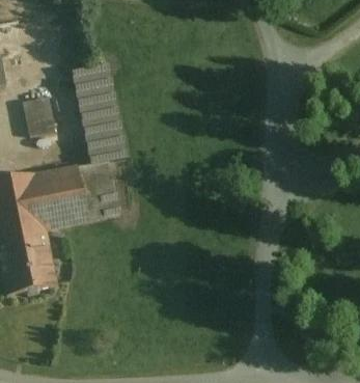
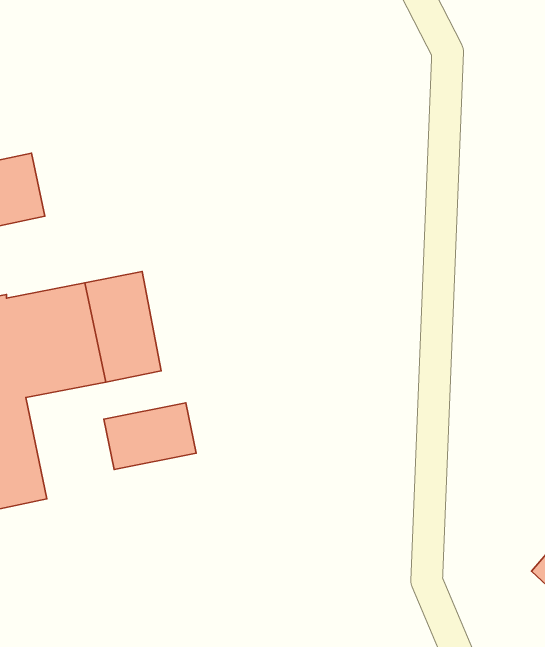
building: [75,57,127,157] -> none
building: none -> [104,403,196,470]

